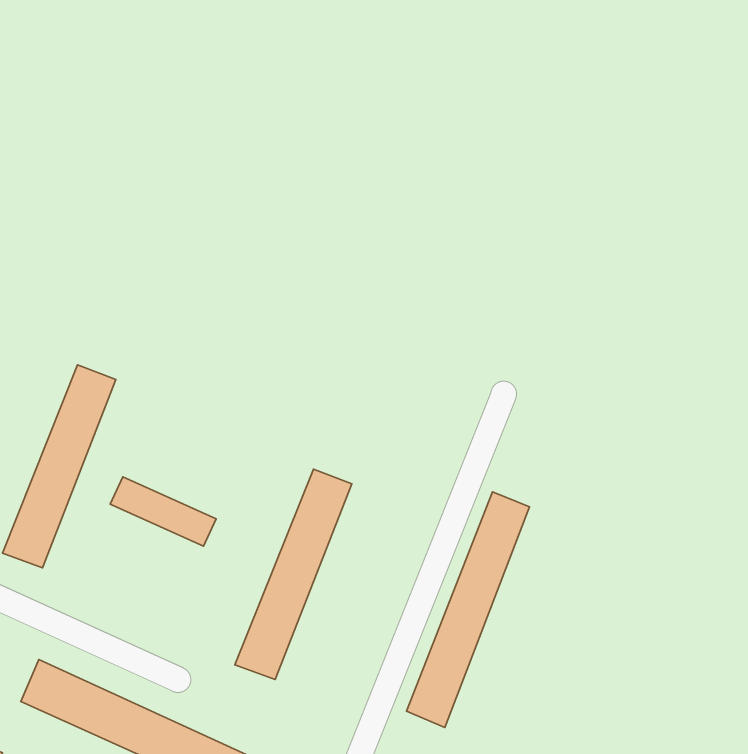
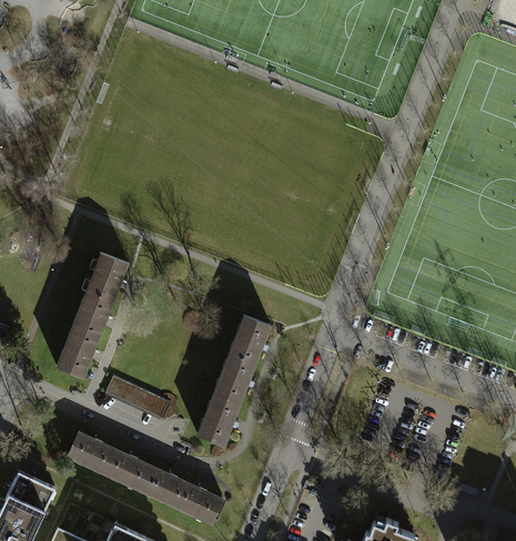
building: [110,477,216,546] -> [104,377,169,419]
building: [406,492,530,727] -> none

